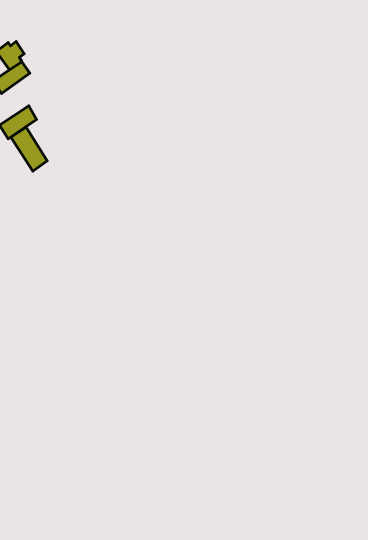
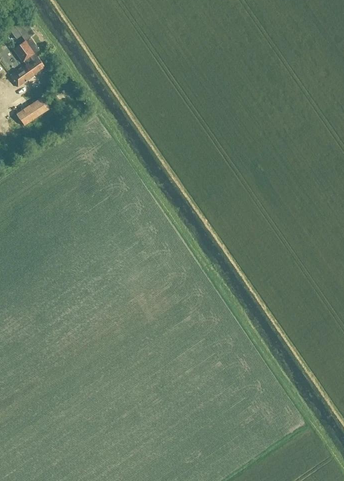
building: [11,127,47,171] -> none

